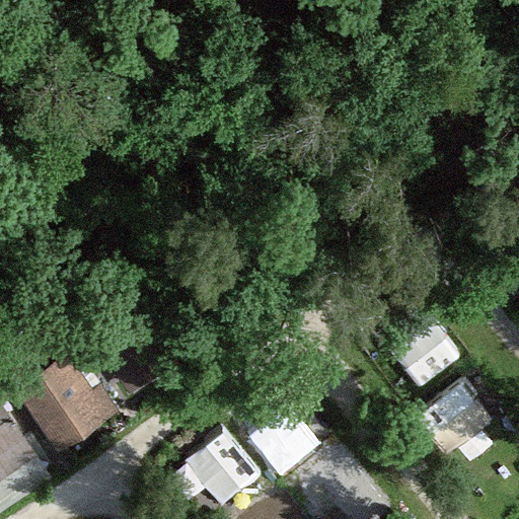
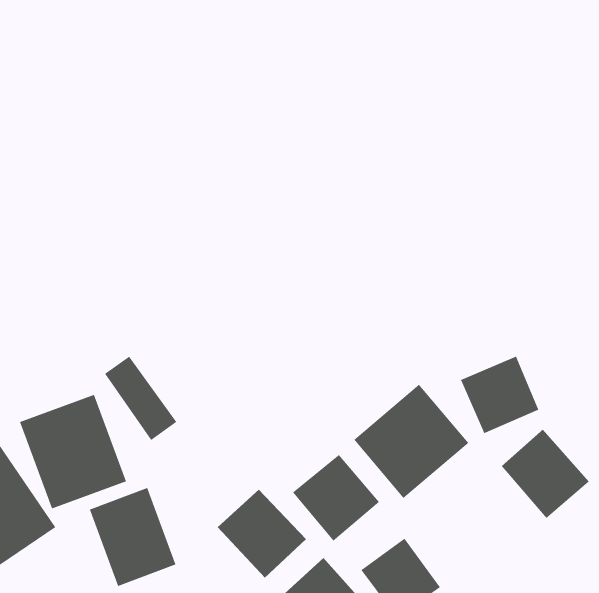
building: none -> [353,384,469,499]
building: none -> [89,487,176,587]

